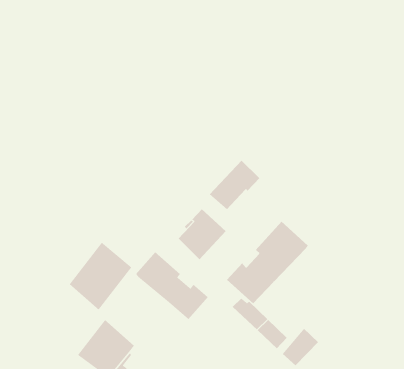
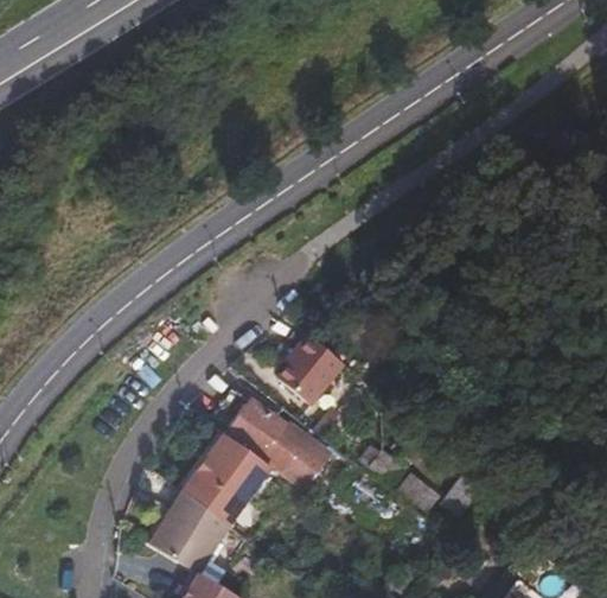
building: [209,160,260,210] -> none
building: [226,221,308,304] -> none
building: [69,242,132,311] -> [186,431,271,526]

